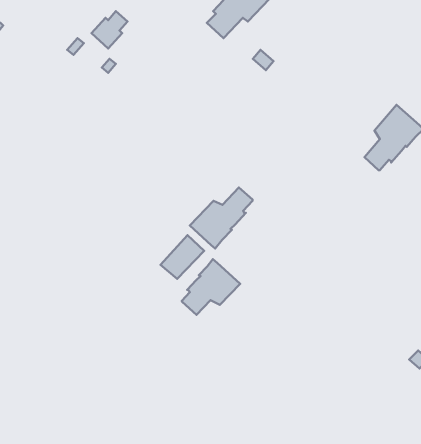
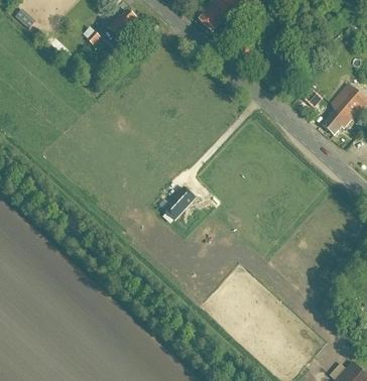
building: [190,188,252,248] -> none
building: [182,259,240,315] -> none

